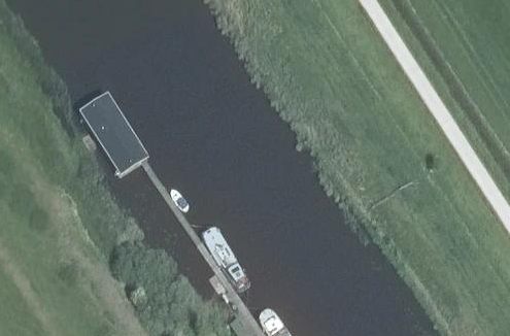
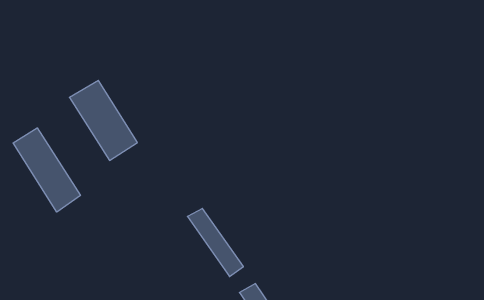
building: none -> [13,128,80,212]

